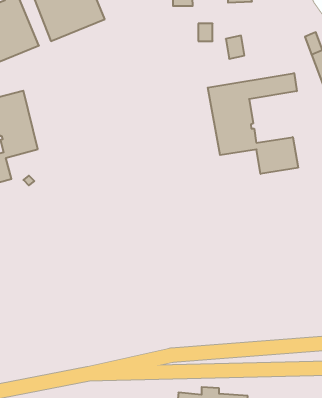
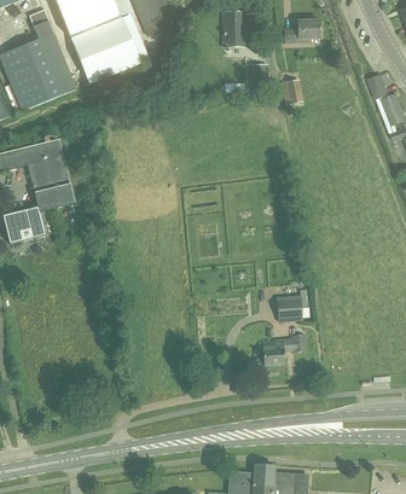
building: [208,73,298,174] -> none
building: none -> [274,294,301,319]
building: none -> [254,332,304,365]

